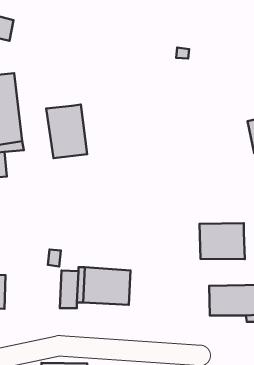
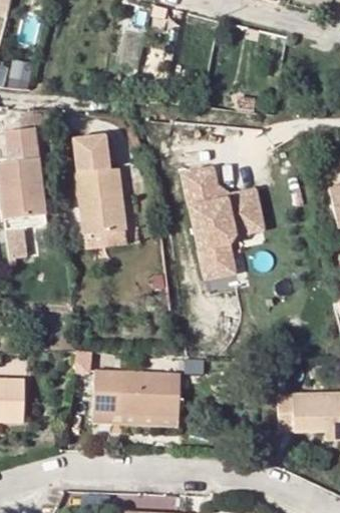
building: none -> [69,133,106,171]
building: none -> [182,166,262,278]
building: [200,223,245,259] -> none

